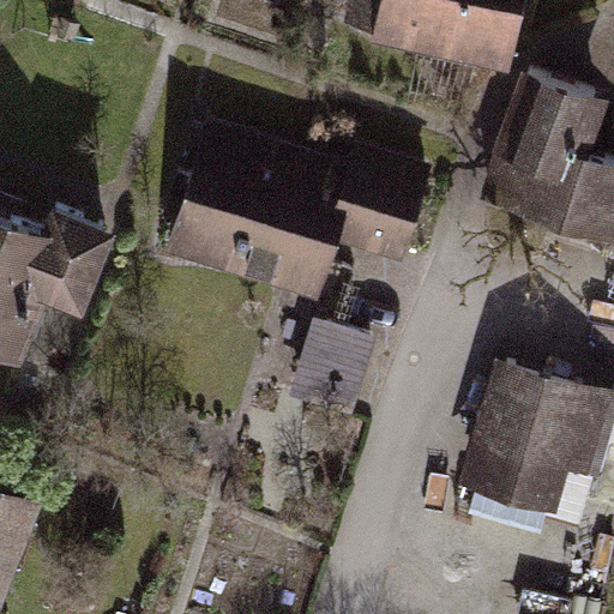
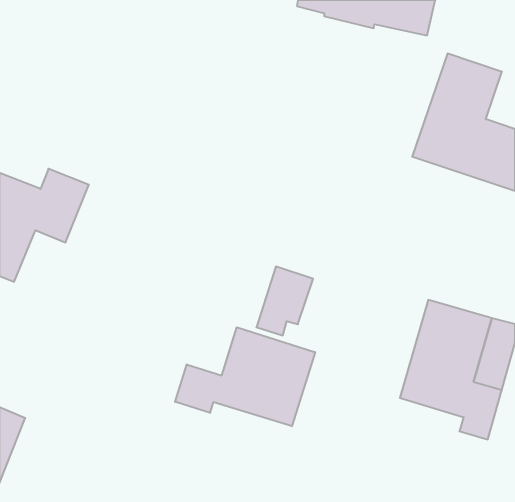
building: [173,139,425,288] -> none
building: none -> [175,327,315,426]

